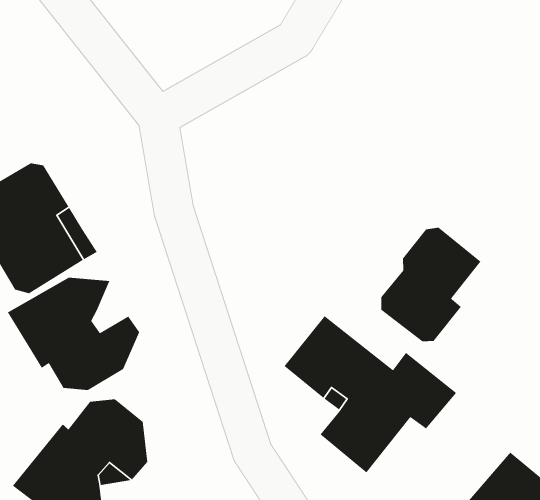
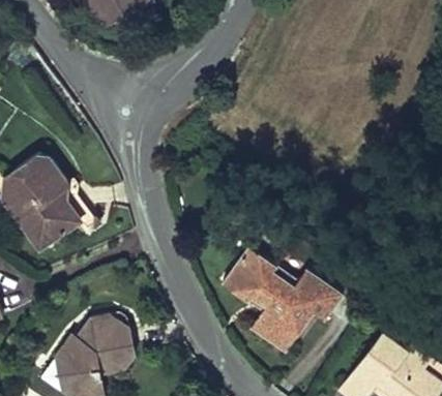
building: [380,227,481,342] -> none
building: [7,277,140,391] -> none

